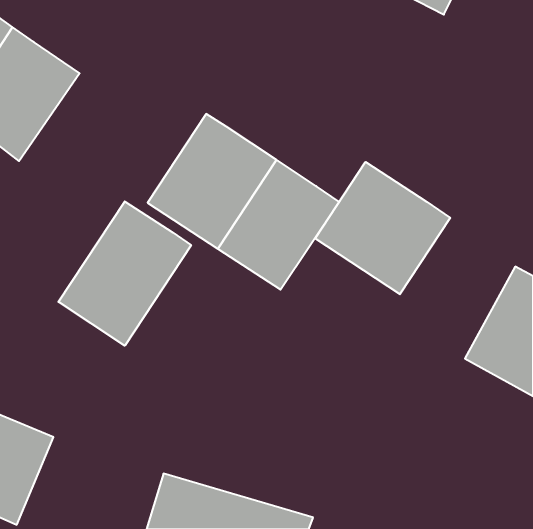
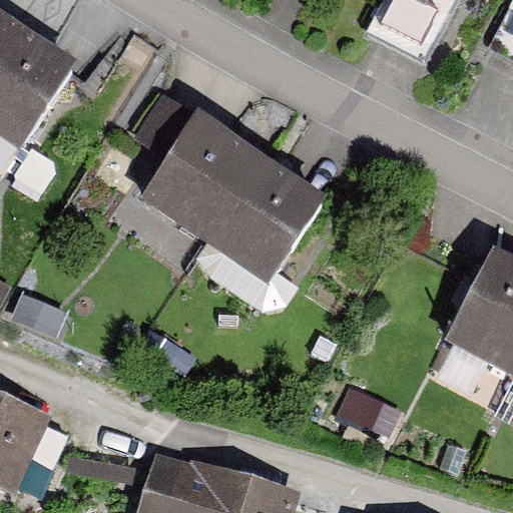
building: [315,162,450,294] -> none
building: [58,201,191,346] -> none

